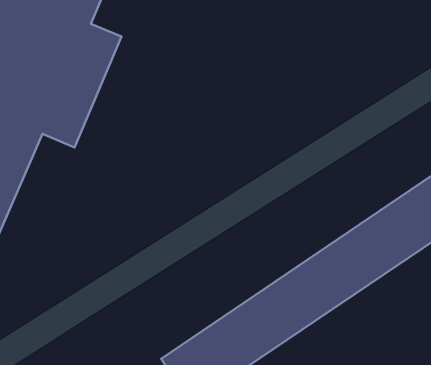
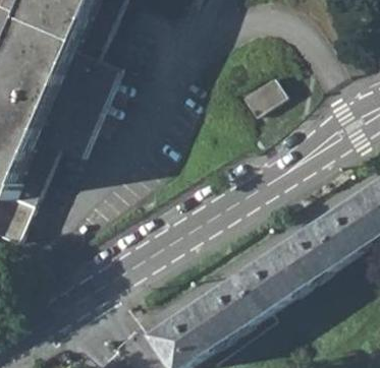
building: none -> [241,75,286,116]

